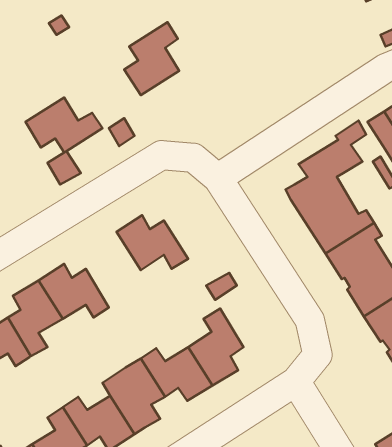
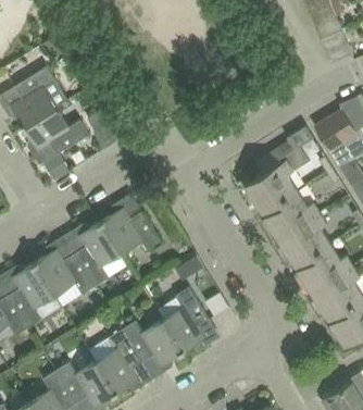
building: [124,22,179,95] -> [10,66,57,128]
building: none -> [75,222,122,286]

